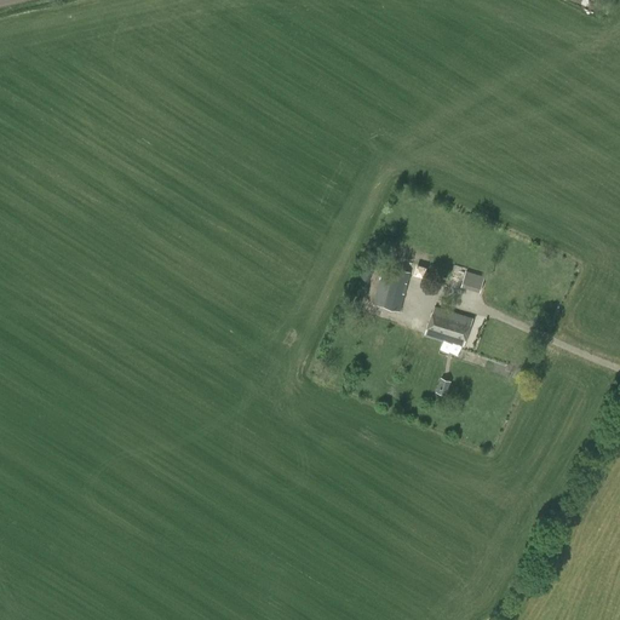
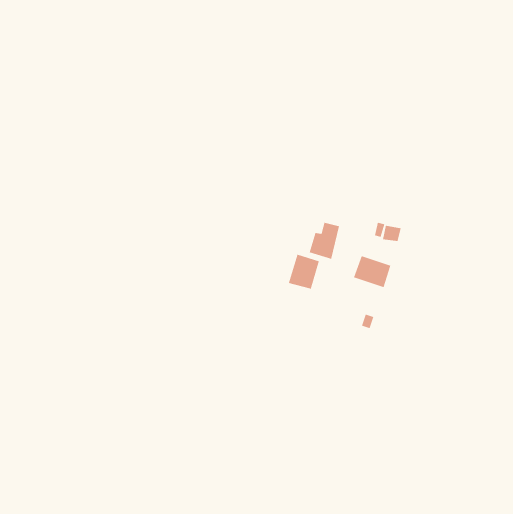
building: none -> [288,254,319,290]

